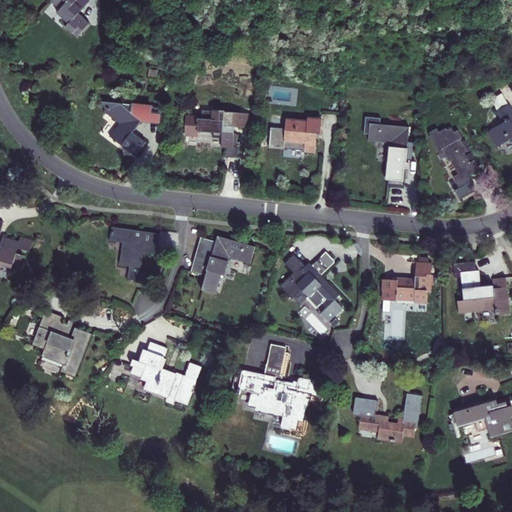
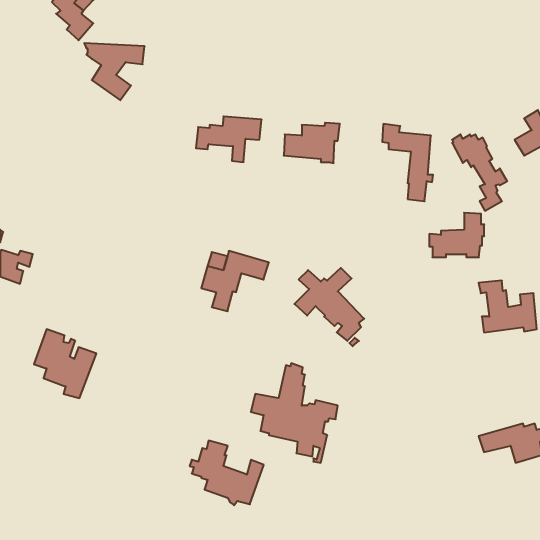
building: [103,102,160,156] -> [84,43,145,100]
building: [110,227,159,282] -> none
building: [381,259,433,301] -> [429,213,484,257]
building: [130,344,200,405] -> [190,441,264,505]
building: [352,394,420,443] -> none

